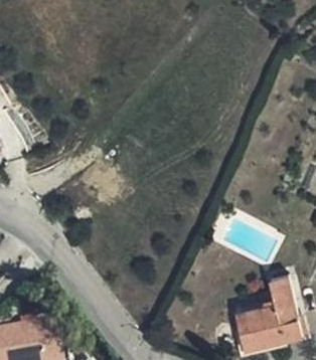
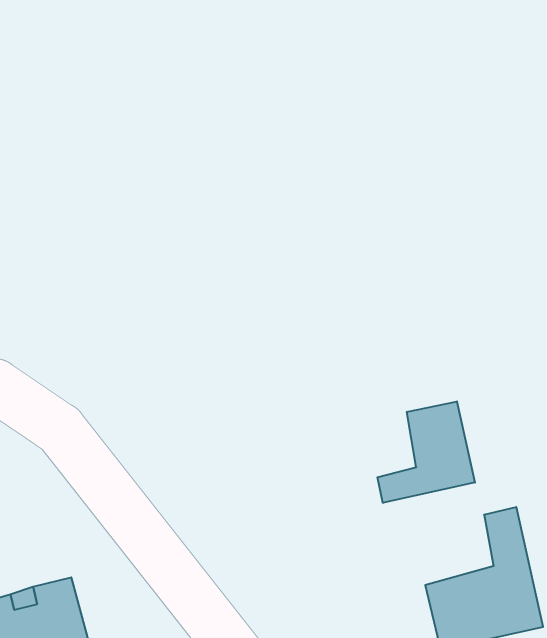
building: none -> [377,401,475,503]

